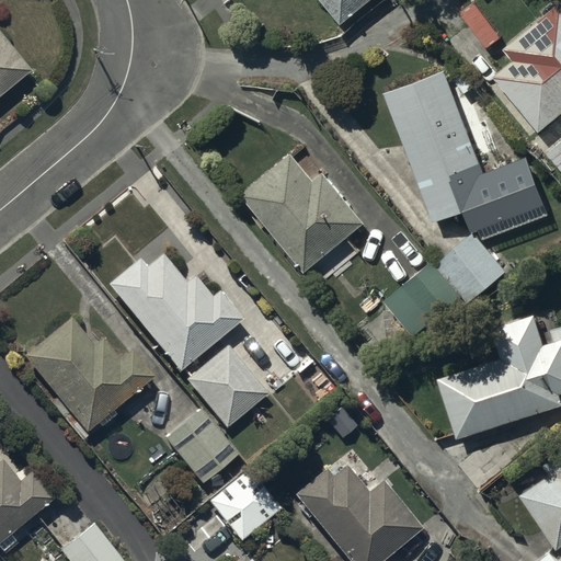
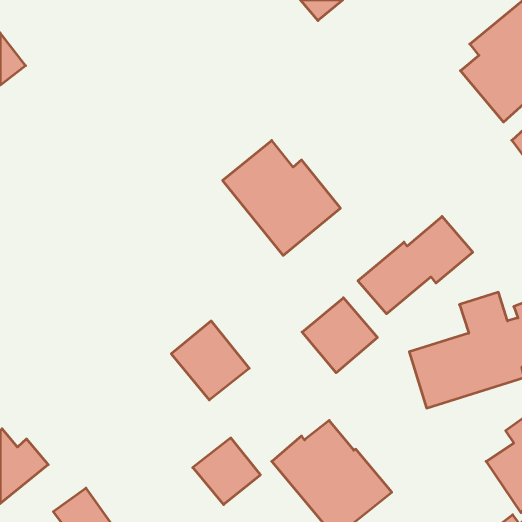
building: [385,70,549,228] -> none
building: [106,255,241,371] -> none
building: [22,317,153,433] -> none
building: none -> [302,298,377,373]
building: [163,409,238,485] -> none

